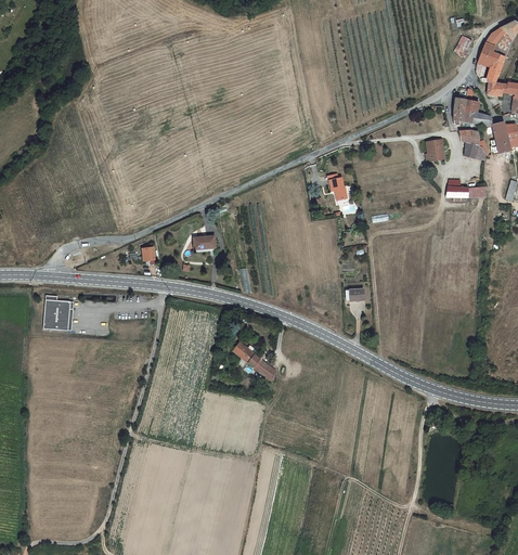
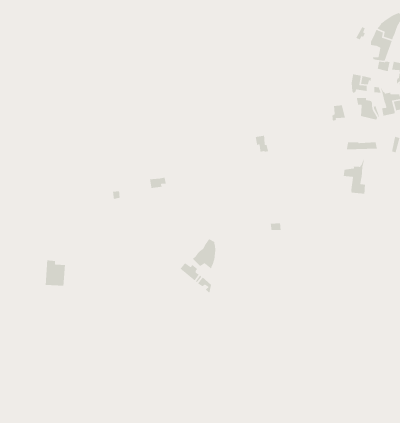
building: none -> [343,158,366,195]
building: [42,294,69,328] -> [45,260,66,286]
building: none -> [192,238,216,270]

